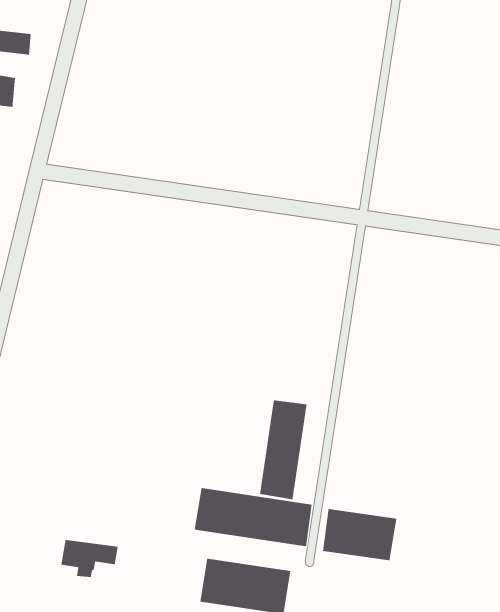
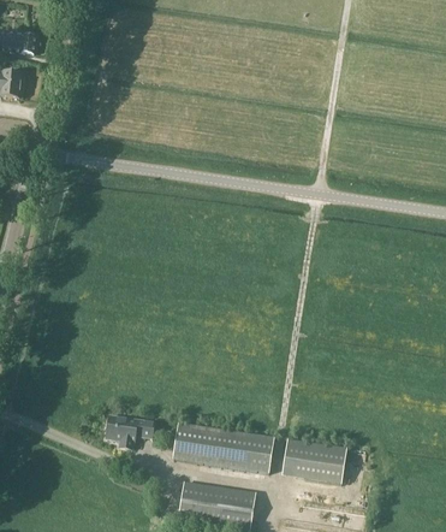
building: [260,399,307,500] -> none
building: [61,539,118,578] -> [106,415,155,448]

